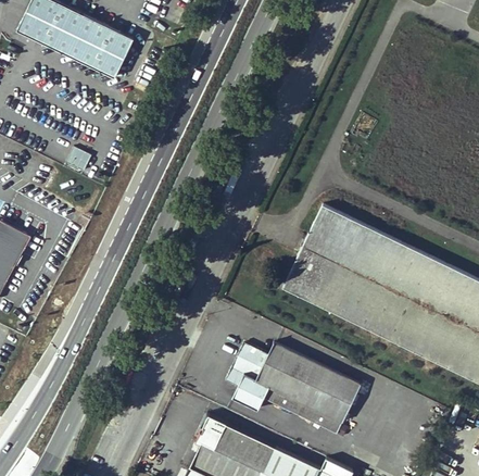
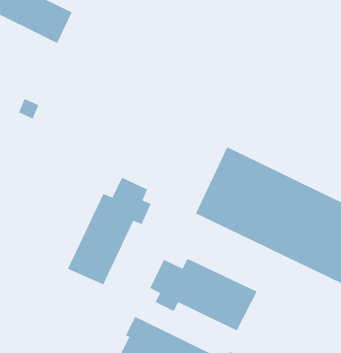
building: none -> [67,177,151,285]

